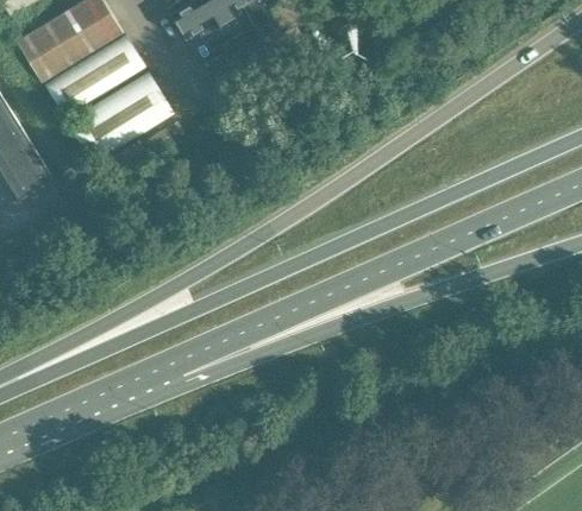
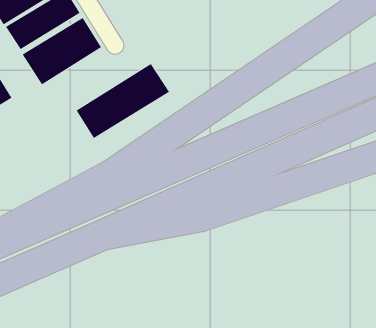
building: none -> [76,63,170,139]

